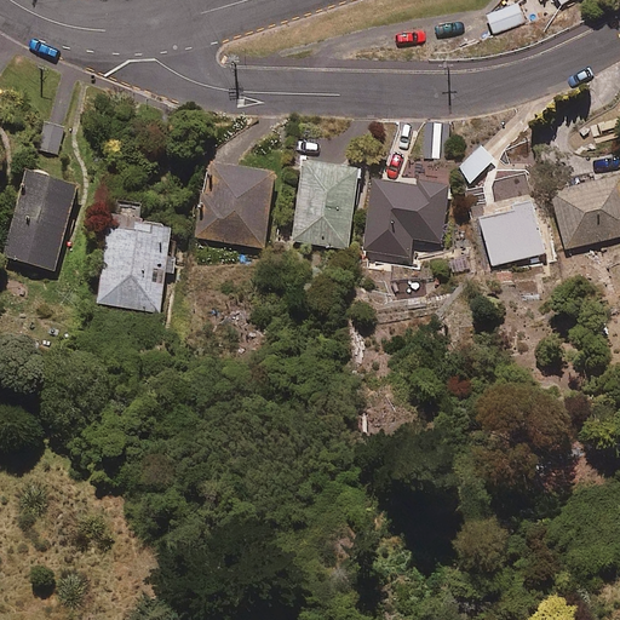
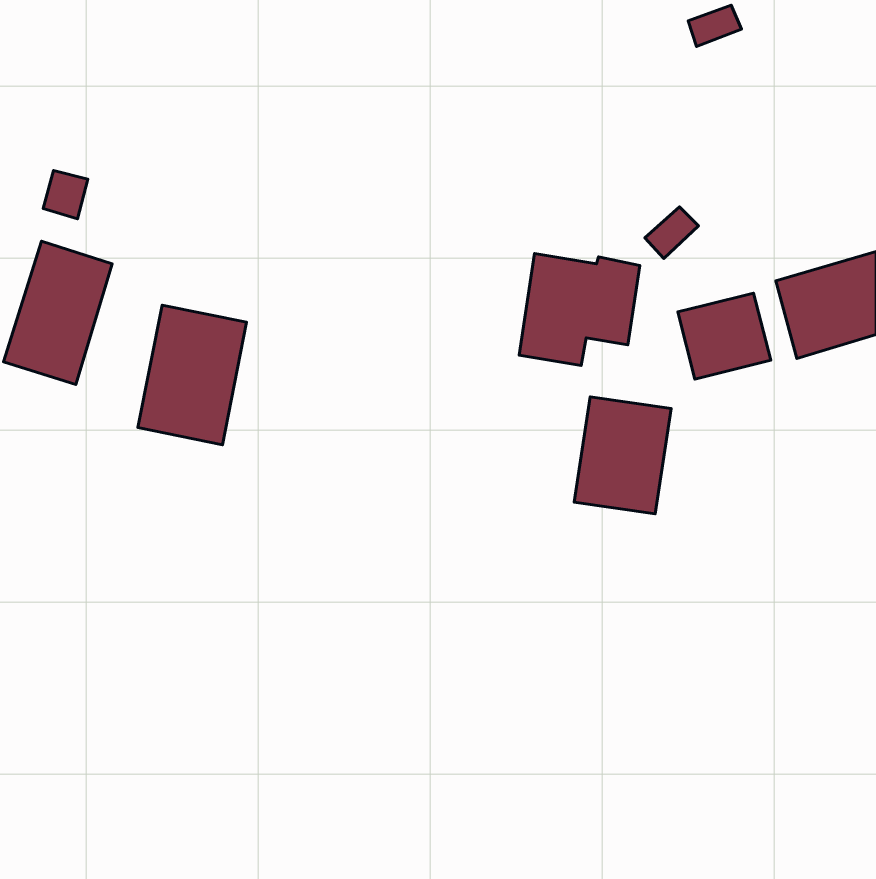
building: [291,159,361,249] -> none
building: [195,162,276,247] -> none
building: none -> [574,397,671,514]

